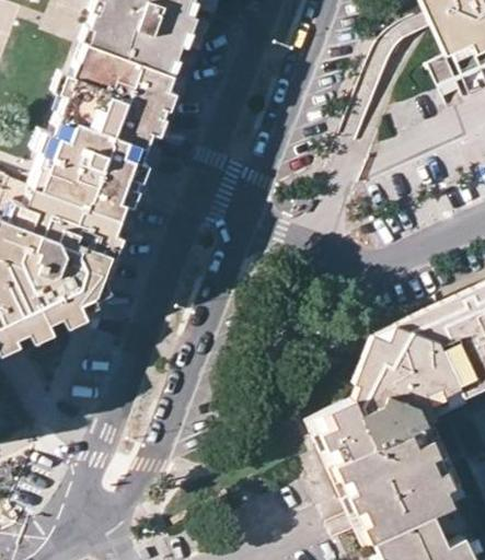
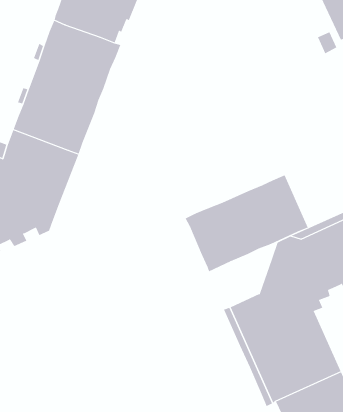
building: none -> [185,174,309,272]

